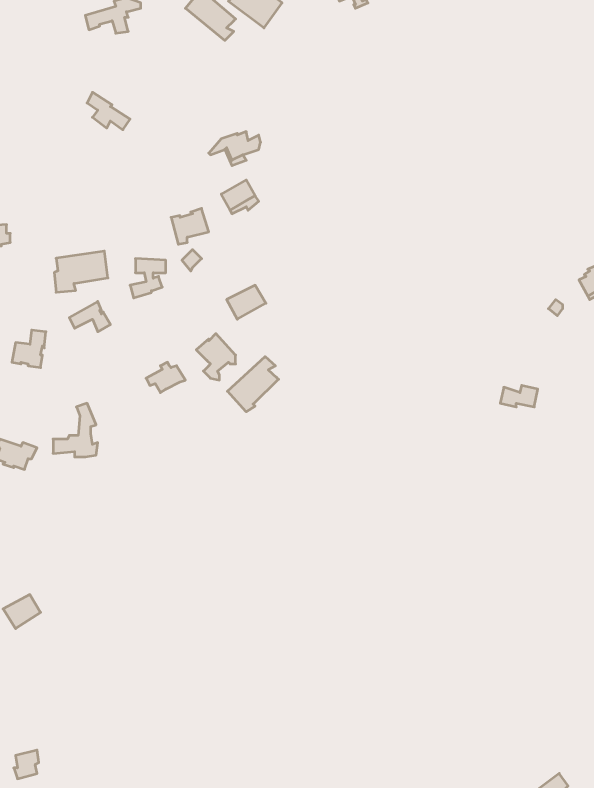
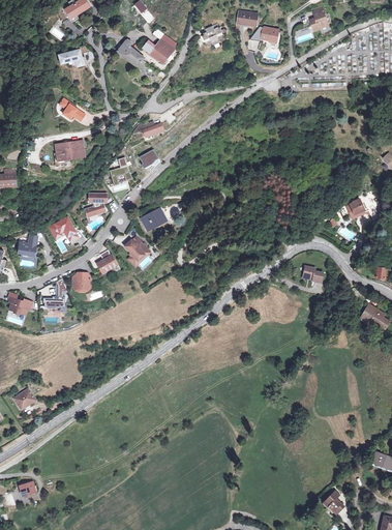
building: [54,251,108,292] -> [55,139,86,163]
building: [227,357,279,412] -> none
building: none -> [71,271,93,293]

